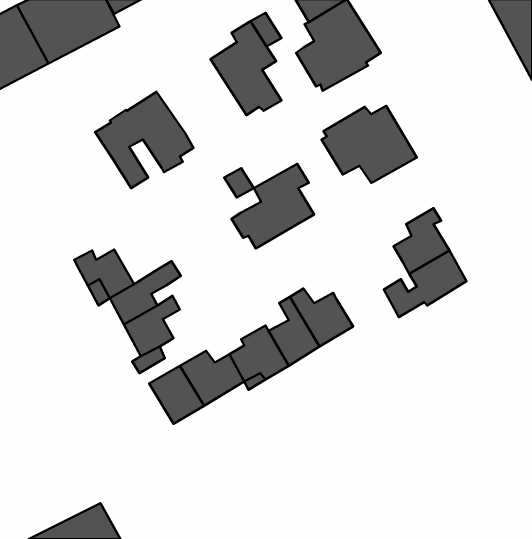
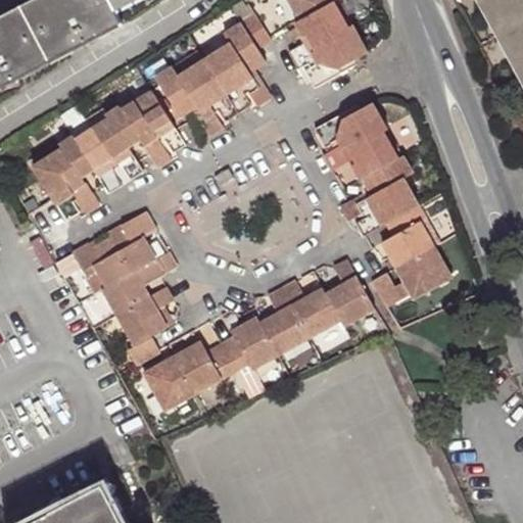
building: none -> [155,57,238,136]
building: none -> [34,128,110,220]
building: [232,164,314,248] -> [339,152,419,234]
building: none -> [106,211,154,275]
building: none -> [325,256,373,322]

